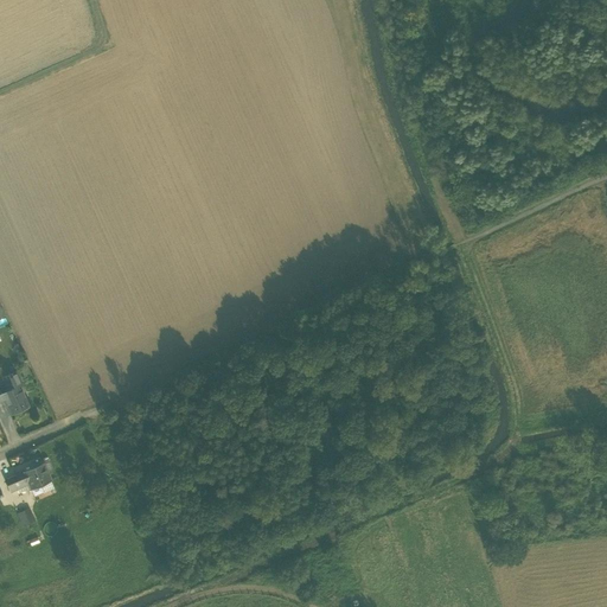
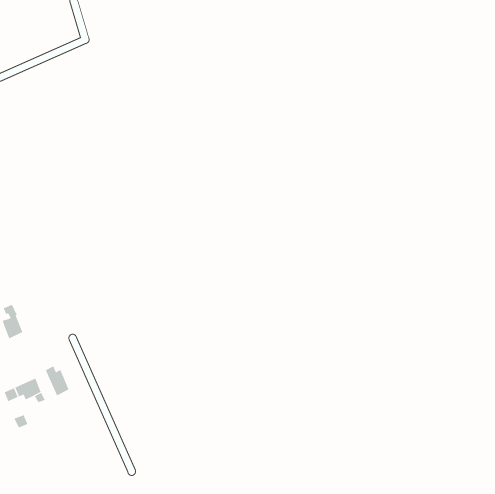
building: none -> [45,366,69,396]

